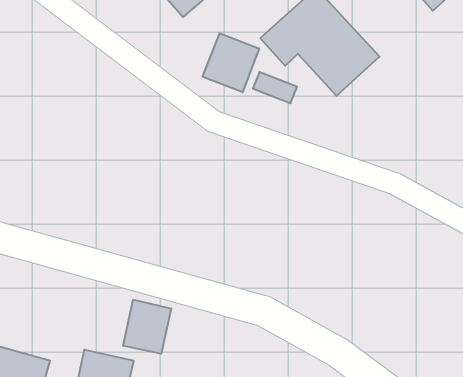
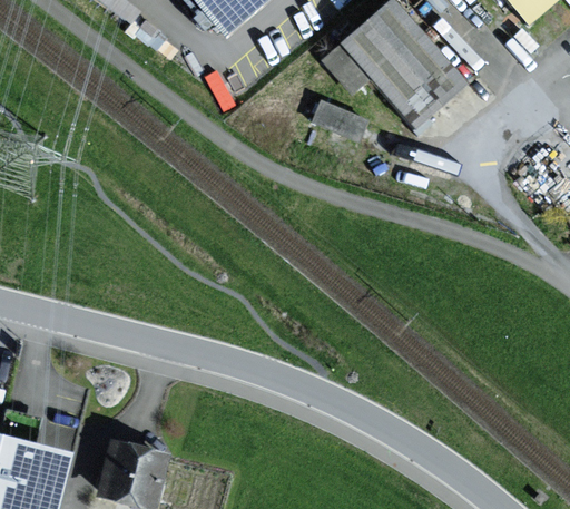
building: [202,33,259,92] -> none
building: [123,300,171,354] -> none

